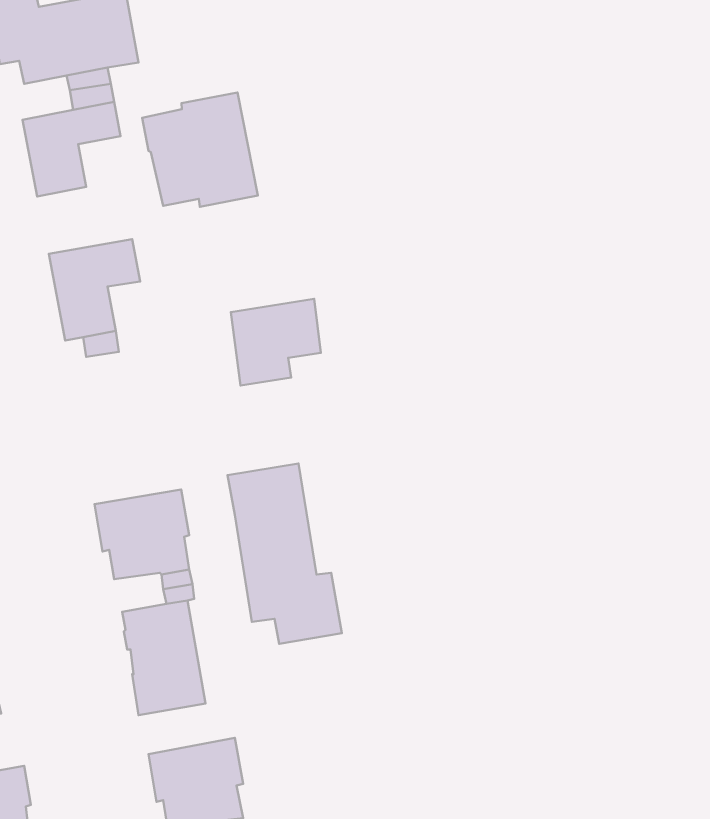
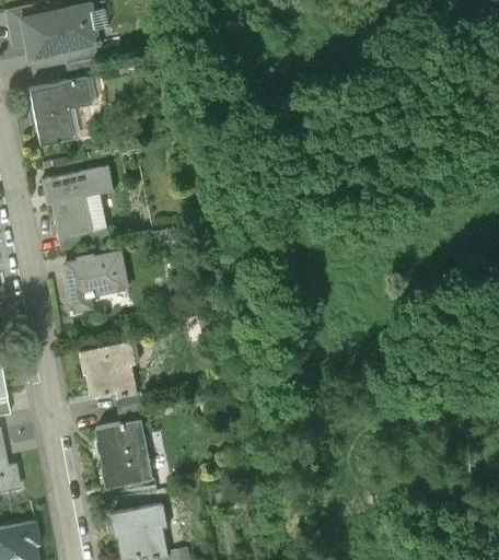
building: [142,93,258,207] -> none
building: [231,299,321,386] -> [65,253,125,311]
building: [228,464,342,644] -> none

